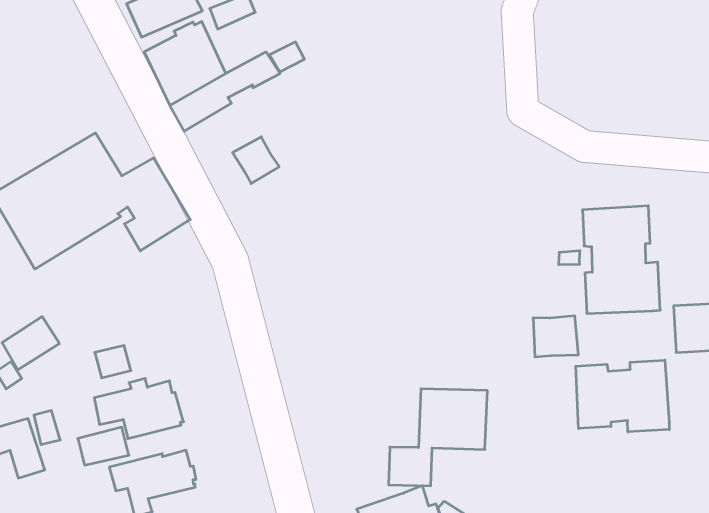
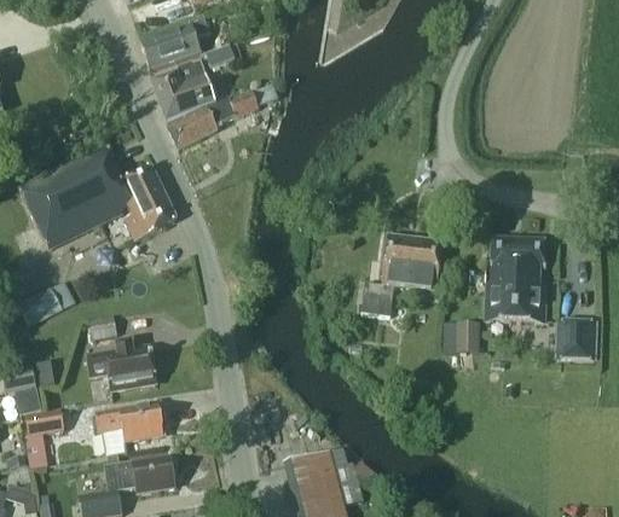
building: [233,137,279,184] -> none
building: [576,360,669,432] -> none
building: [389,389,487,486] -> [355,237,441,315]
building: [78,427,129,465] -> [25,408,65,436]

